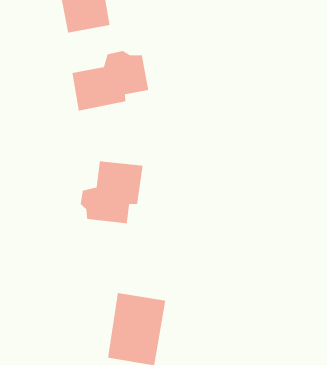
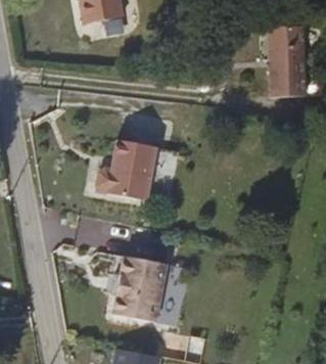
building: none -> [262,36,300,108]
building: [72,50,149,112] -> none

